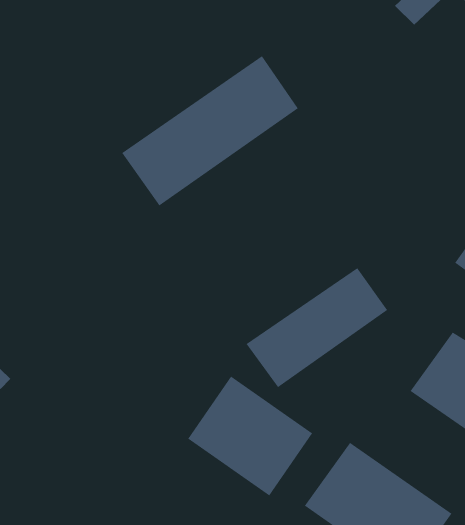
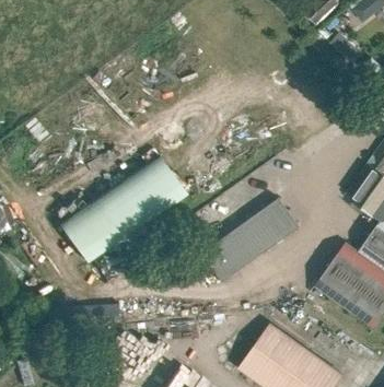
building: [121,55,299,207] -> [63,154,190,262]
building: [187,376,313,496] -> none

